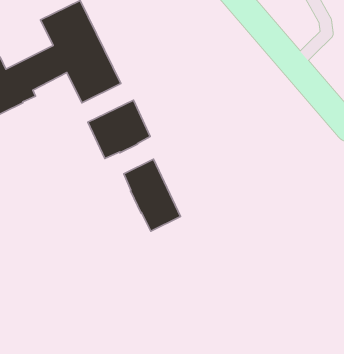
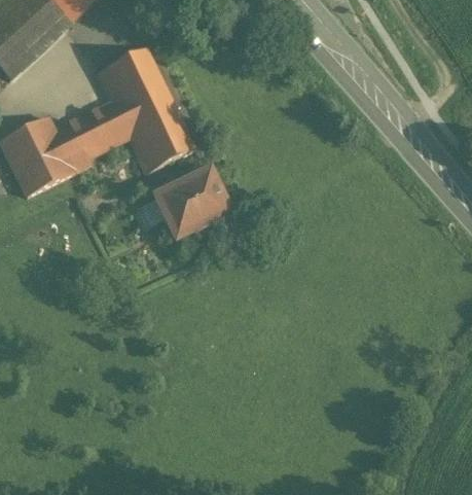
building: [124,159,181,231] -> none

